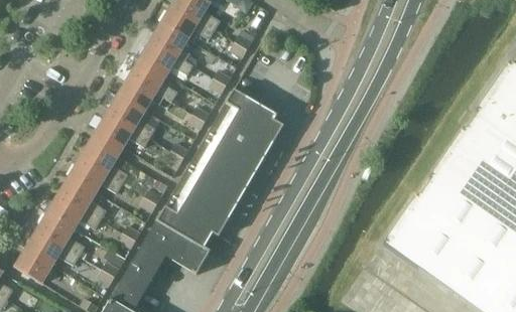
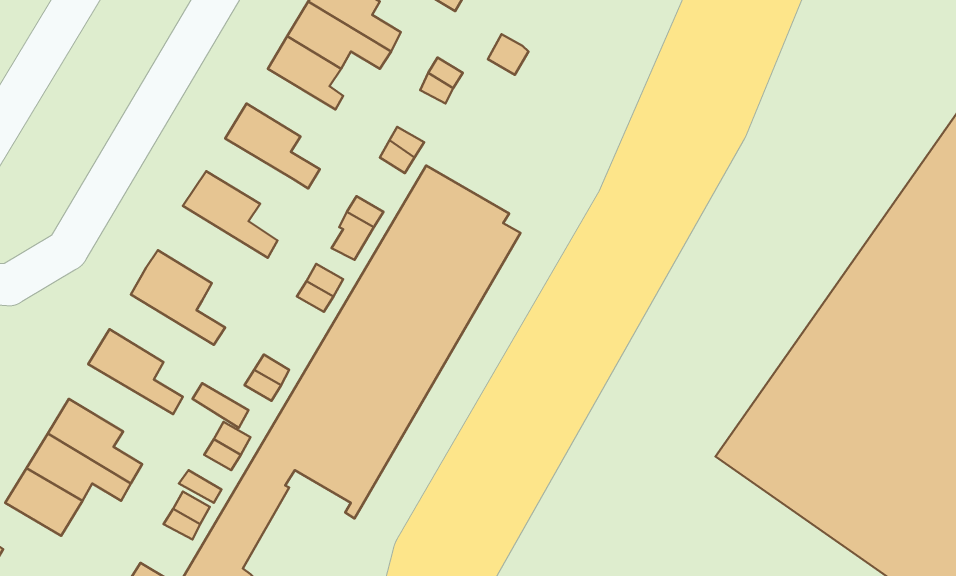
building: [139,40,194,75] -> none
building: [118,76,163,111] -> none
building: [93,112,150,152] -> none
building: [68,158,122,194] -> none
building: [46,194,101,229] -> none

